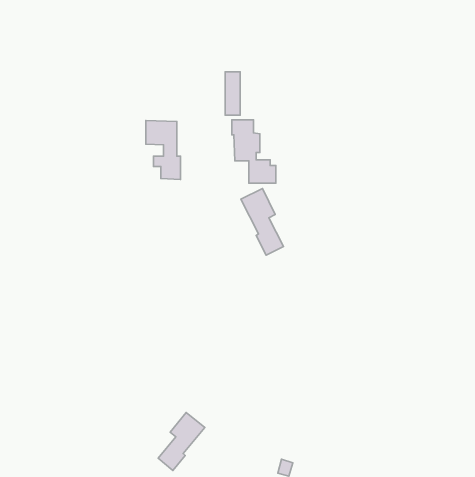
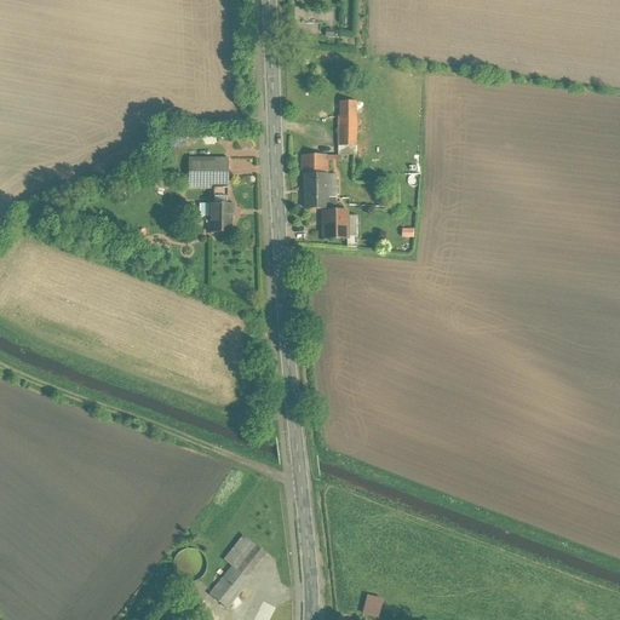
building: [225,72,240,115] -> [338,99,357,155]
building: [241,189,283,255] -> none

